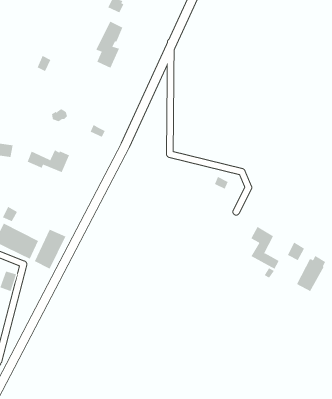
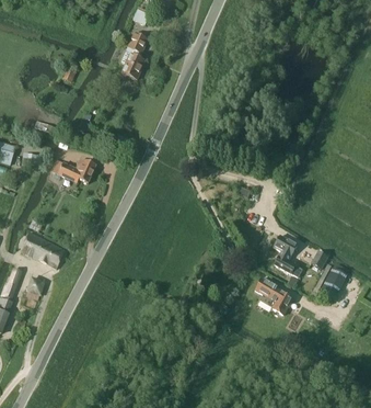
building: [34,229,66,270] -> none
building: none -> [255,279,292,311]

